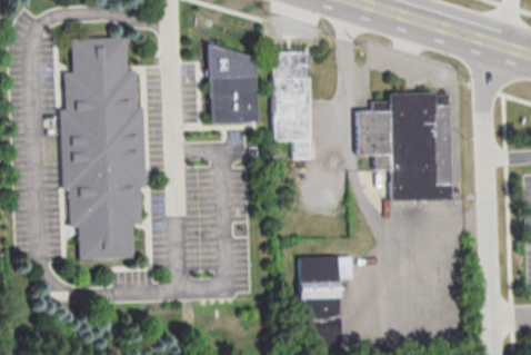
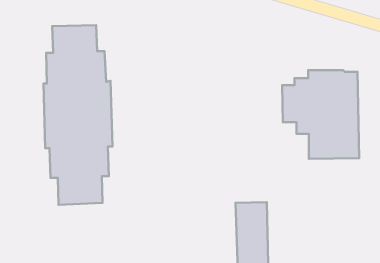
building: [208,43,258,125] -> none
building: [273,51,310,160] -> none

